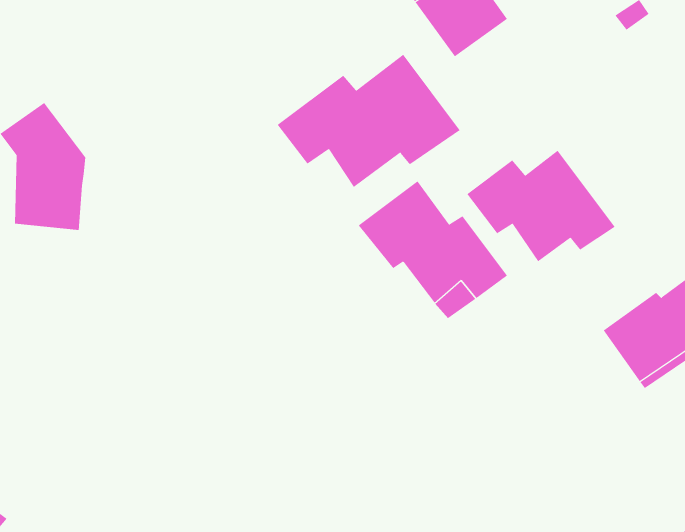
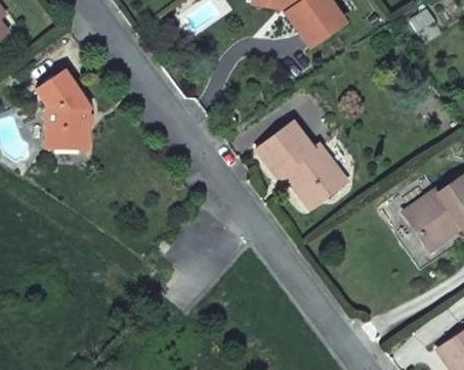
building: [277,54,461,188] -> none
building: [466,150,616,262] -> none

